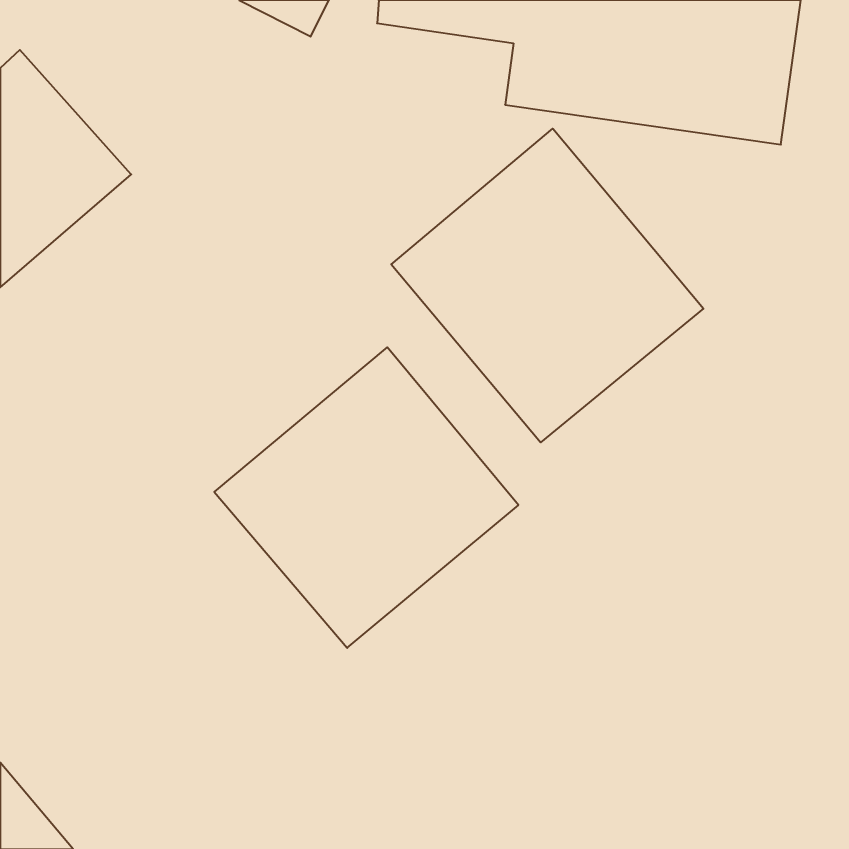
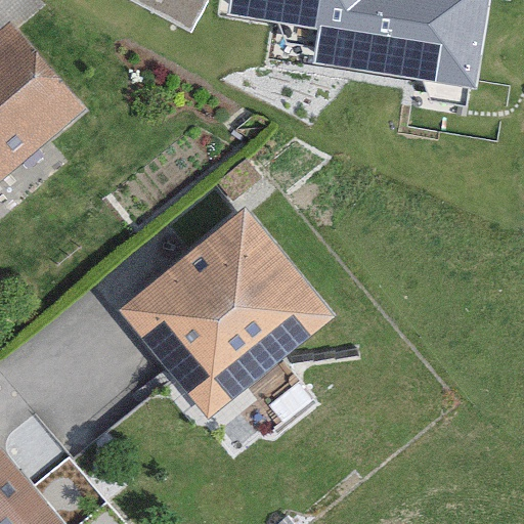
building: [391,129,703,442] -> none

